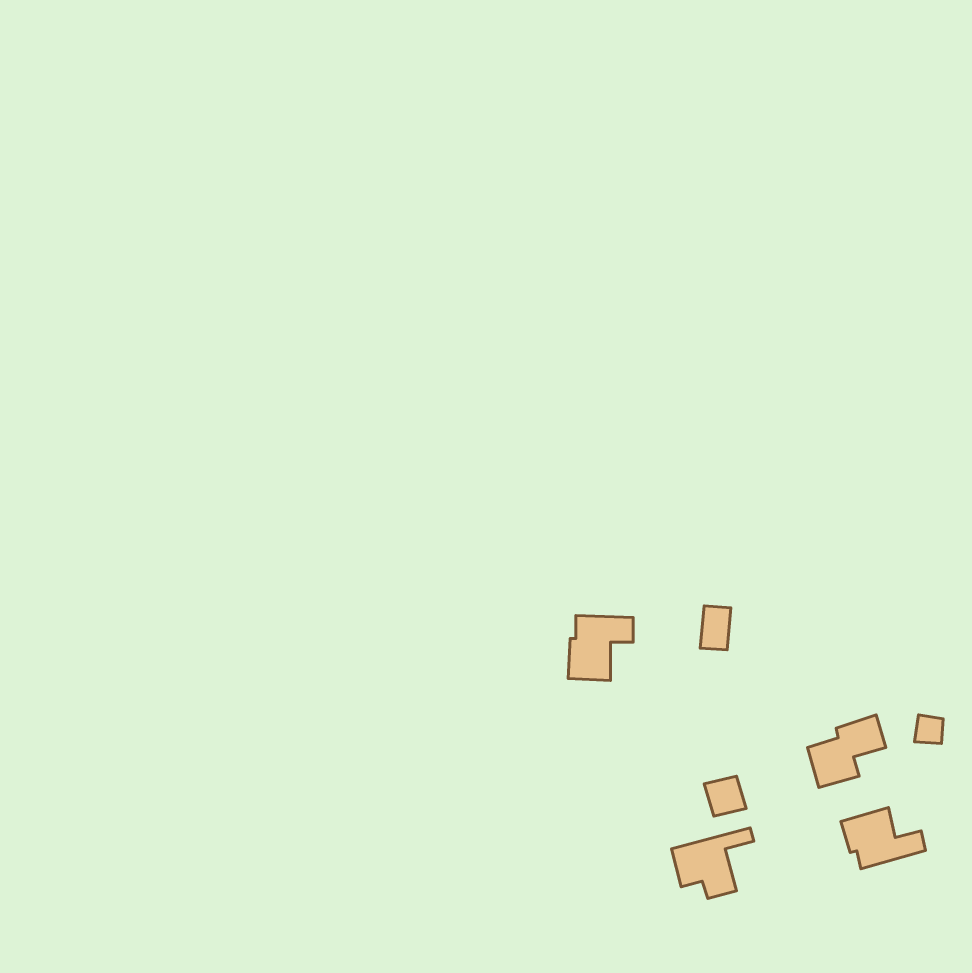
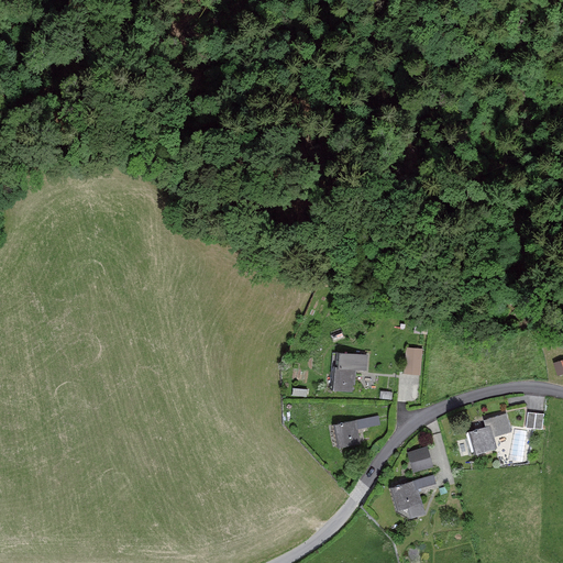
building: none -> [333,418,378,451]
building: [841,807,926,869] -> none

